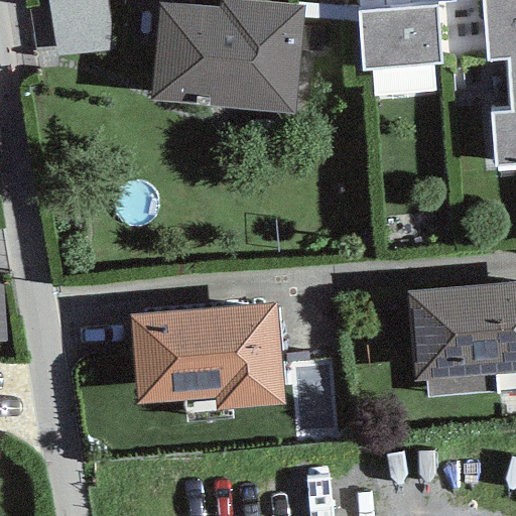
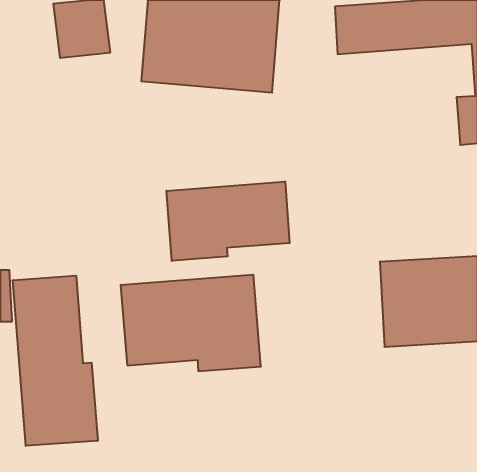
building: none -> [167,181,290,261]
building: none -> [13,276,98,446]

